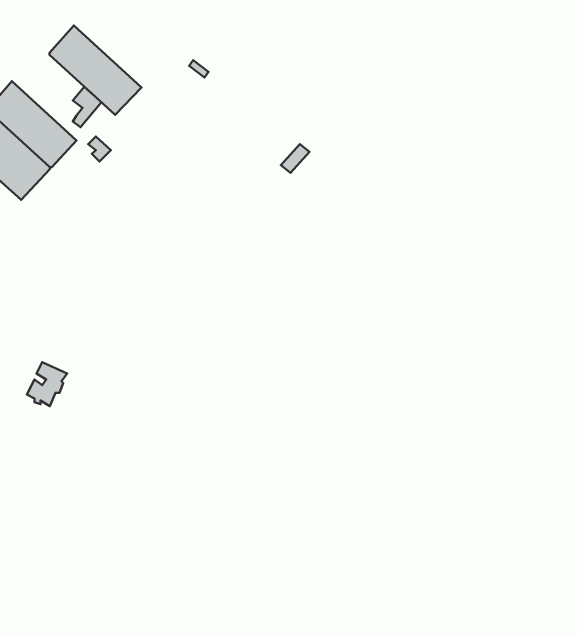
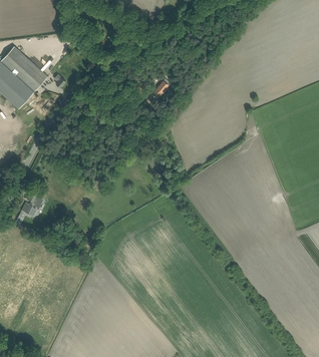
building: [49,26,142,115] -> none

